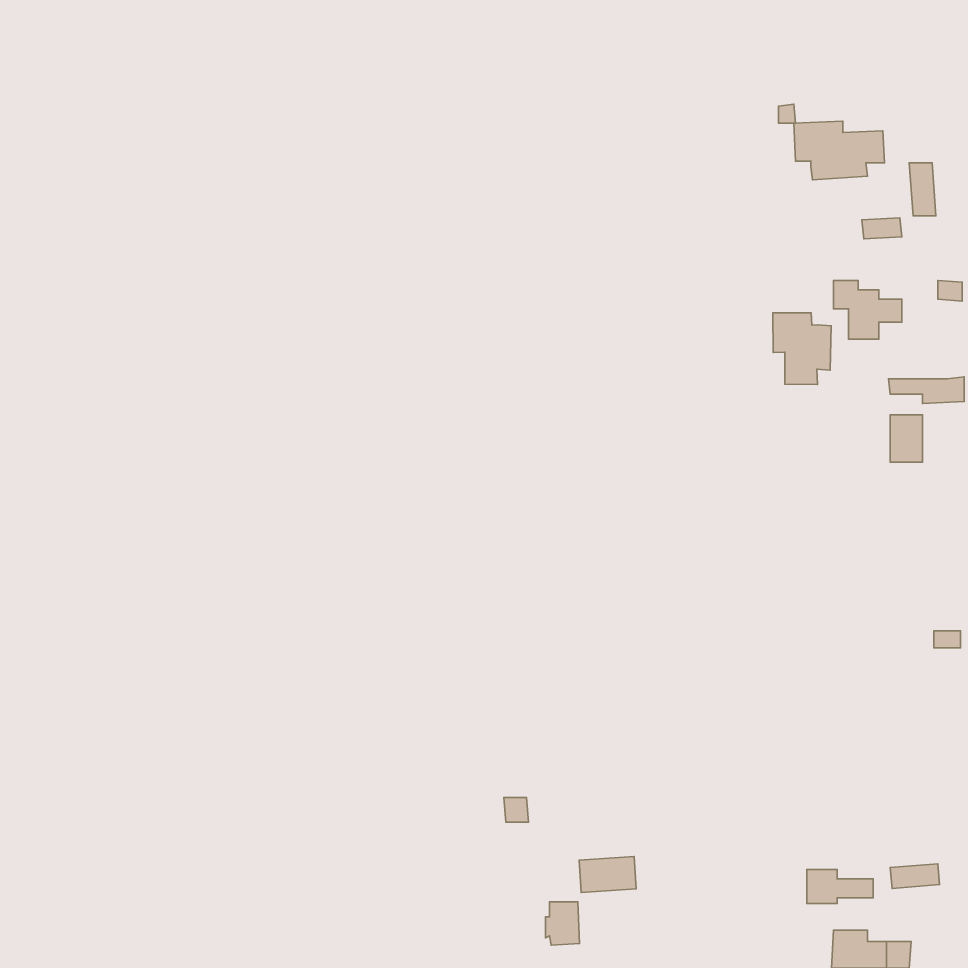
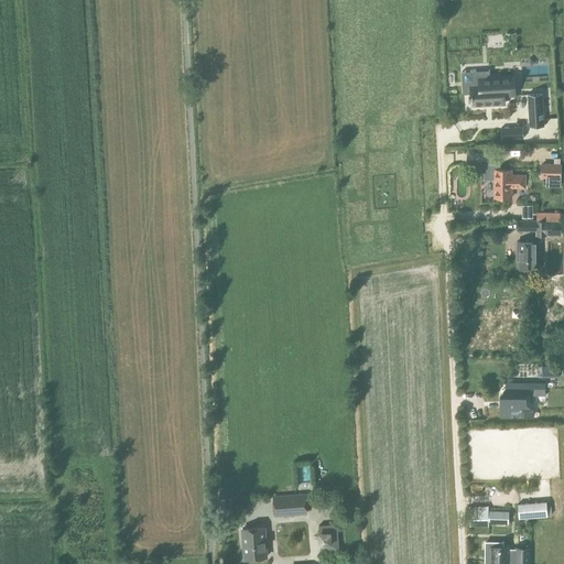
building: [773,313,831,384] -> none
building: none -> [500,382,545,419]
building: [579,857,636,893] -> [274,495,307,516]
building: none -> [243,527,268,558]

